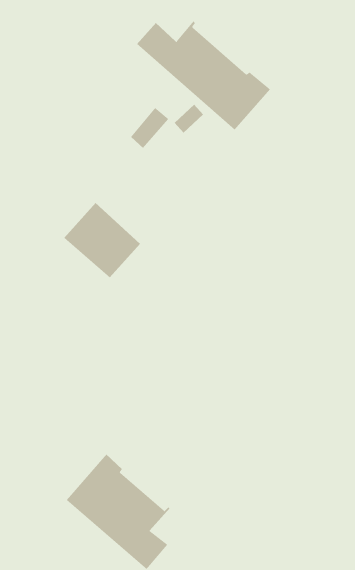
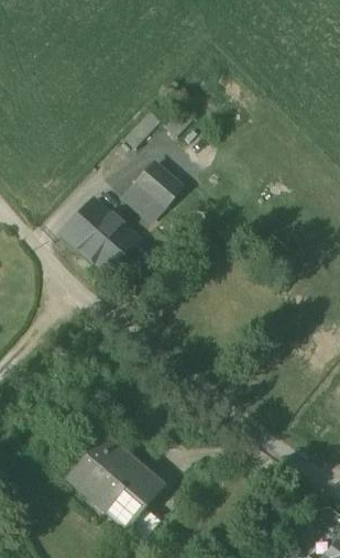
building: [136,21,271,131] -> none
building: none -> [123,163,180,220]

